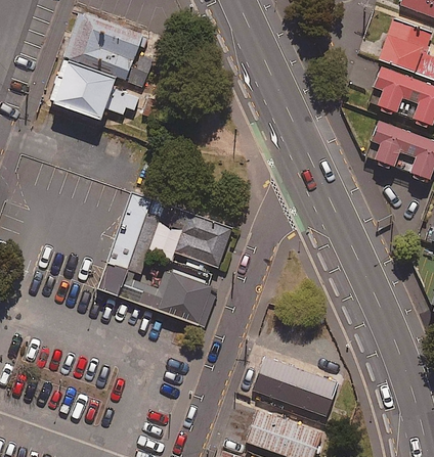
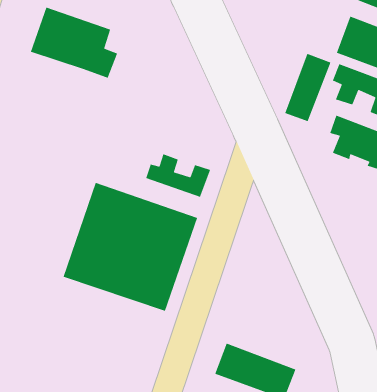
building: [49,57,139,120] -> none
building: none -> [284,53,331,122]
building: none -> [145,153,211,198]

